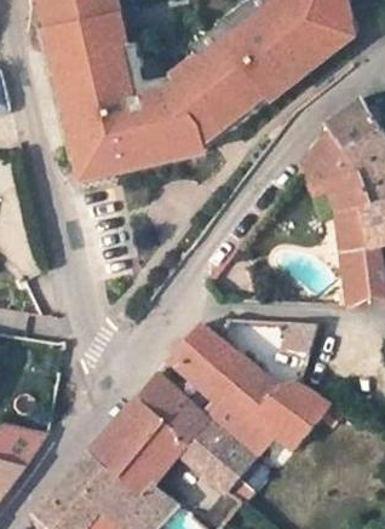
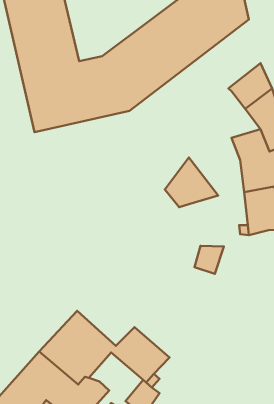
building: [298,127,364,189] -> [165,158,218,207]
building: [173,324,338,456] -> none
building: [136,373,207,444] -> none

